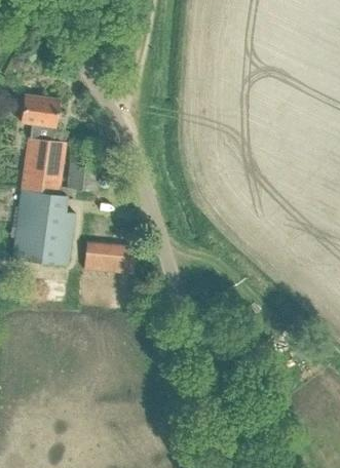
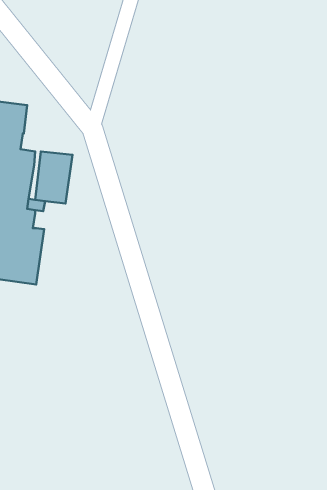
building: [83,241,134,273] -> none

